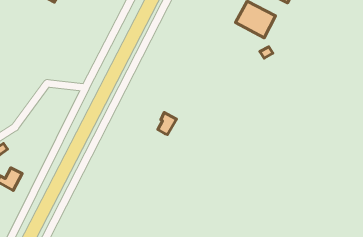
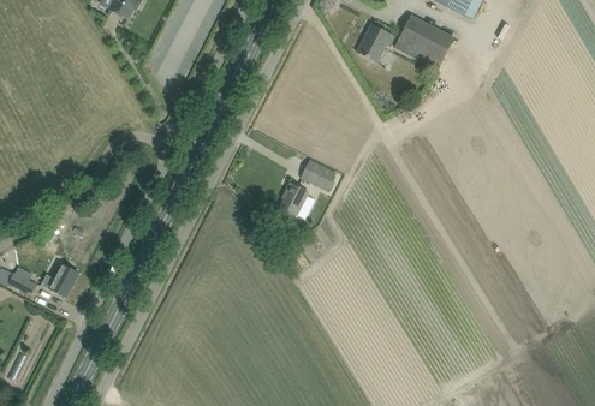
building: none -> [356,23,394,61]
building: none -> [299,159,334,190]

